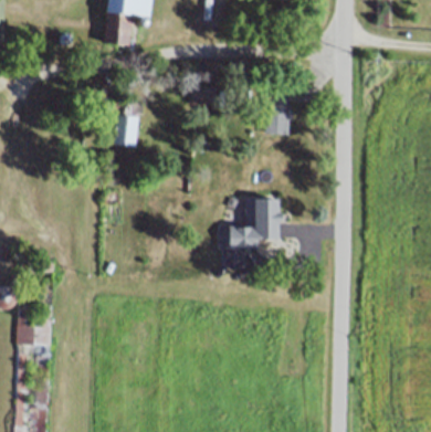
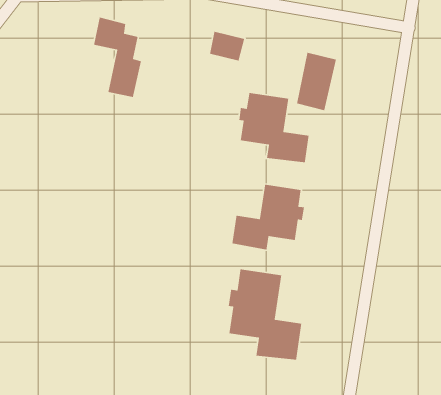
building: none -> [238,92,310,163]
building: none -> [228,268,302,360]

